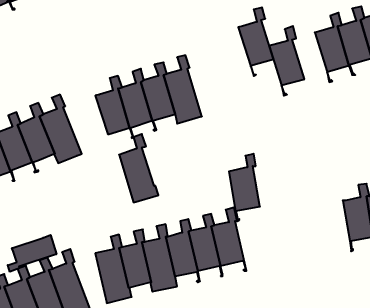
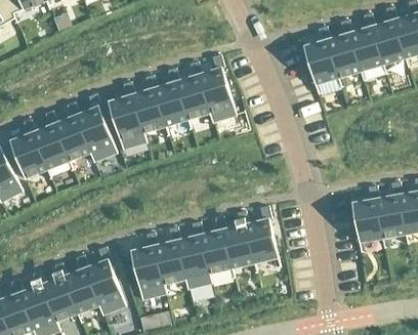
building: [238,7,273,76] -> [325,20,360,88]
building: [119,134,158,202] -> [108,82,147,150]
building: [229,154,260,221] -> [351,186,382,253]
building: [8,235,56,272] -> none

